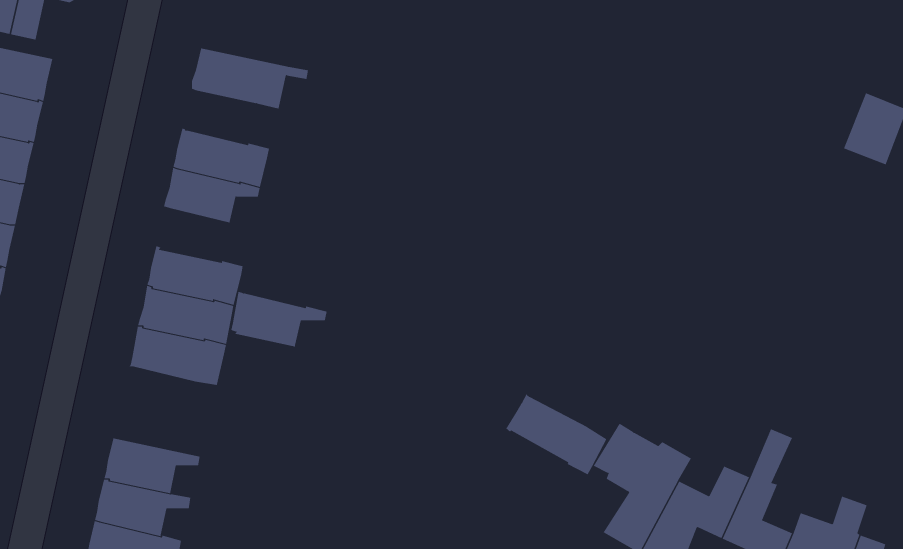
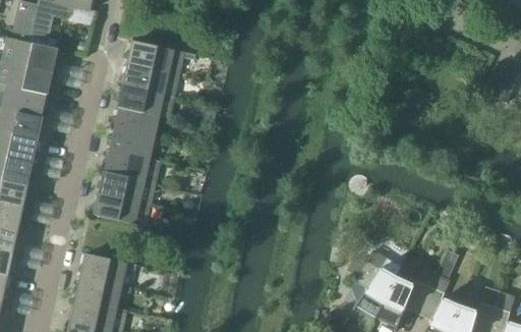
building: none -> [125,63,178,96]
building: [230,291,328,347] -> [111,127,164,158]
building: [506,393,607,475] -> none

